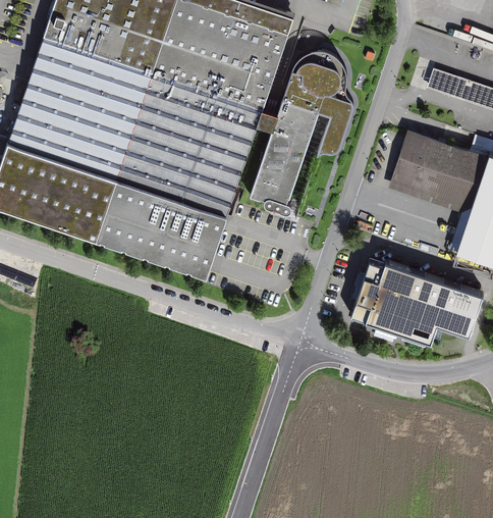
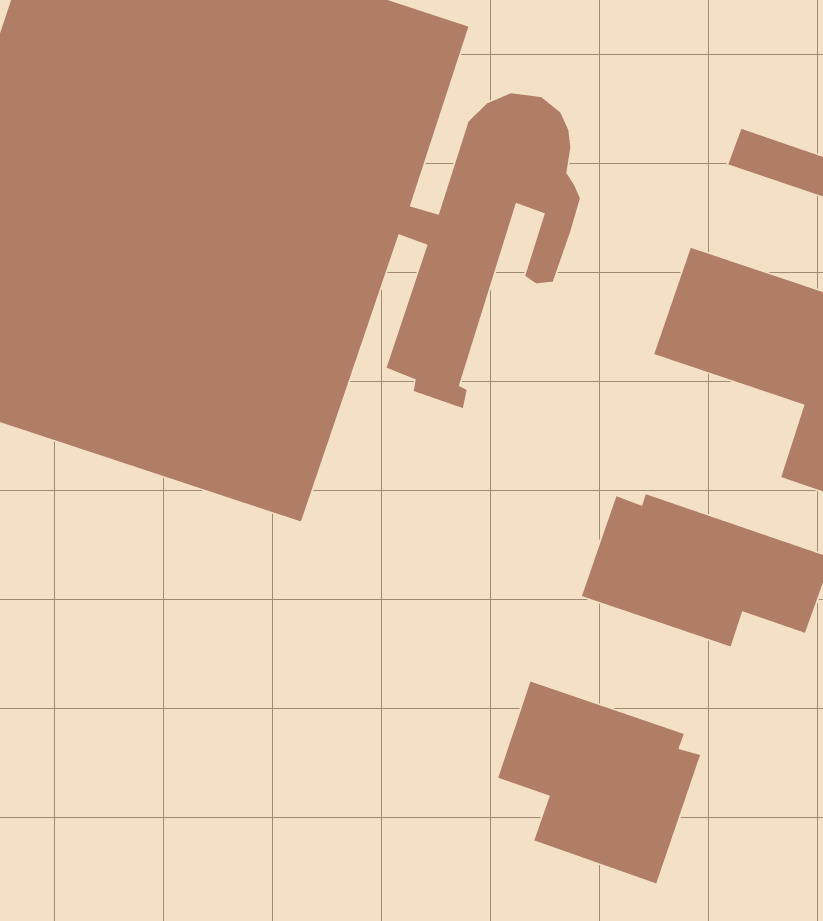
building: none -> [497,680,701,884]

